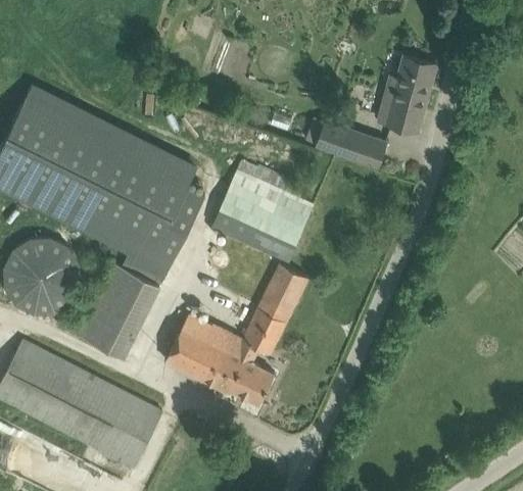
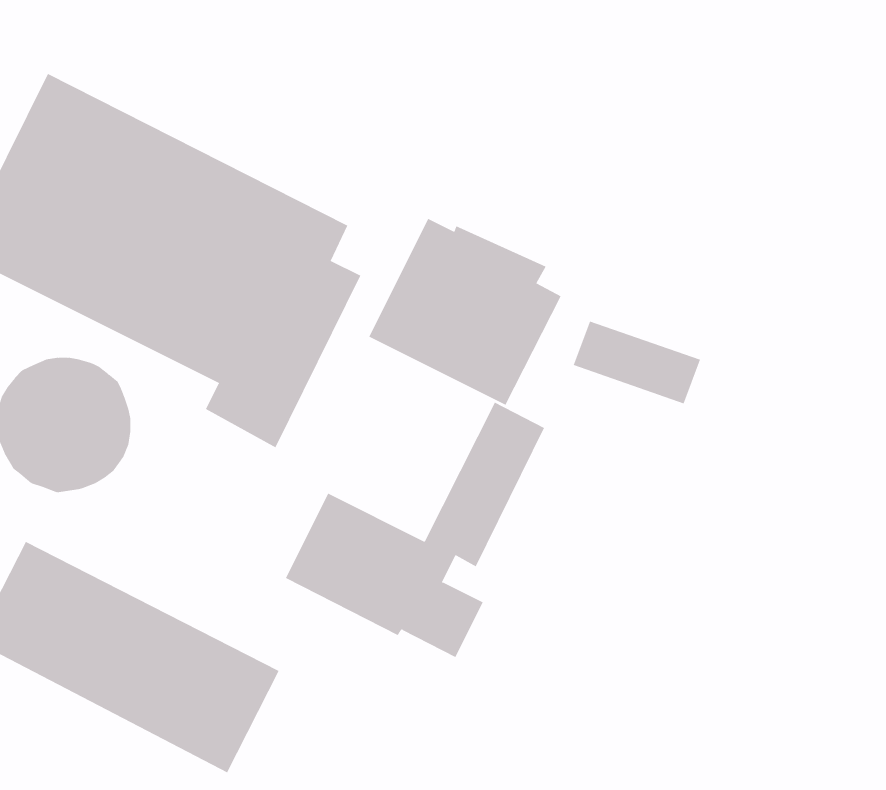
building: [378,56,434,133] -> none
building: [315,121,385,167] -> [573,321,701,404]
building: [70,265,159,360] -> none

